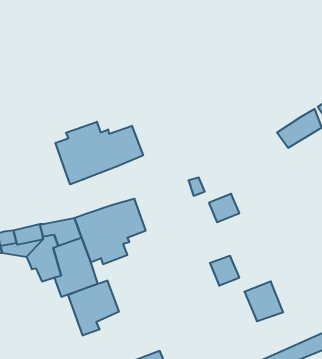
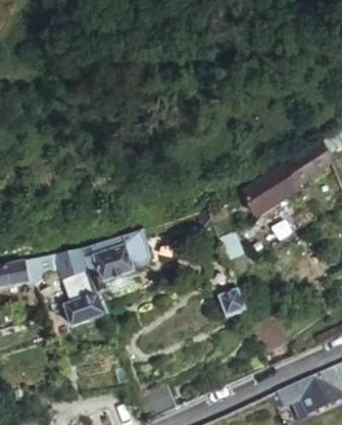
building: [56,122,143,184] -> none
building: none -> [246,163,298,207]
building: [68,280,119,336] -> none

